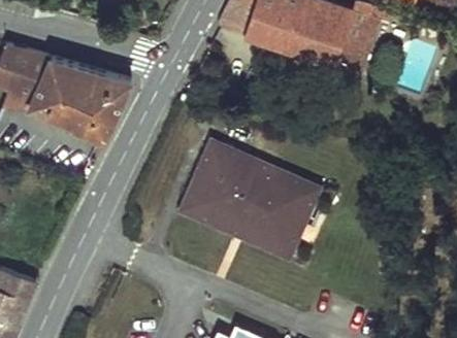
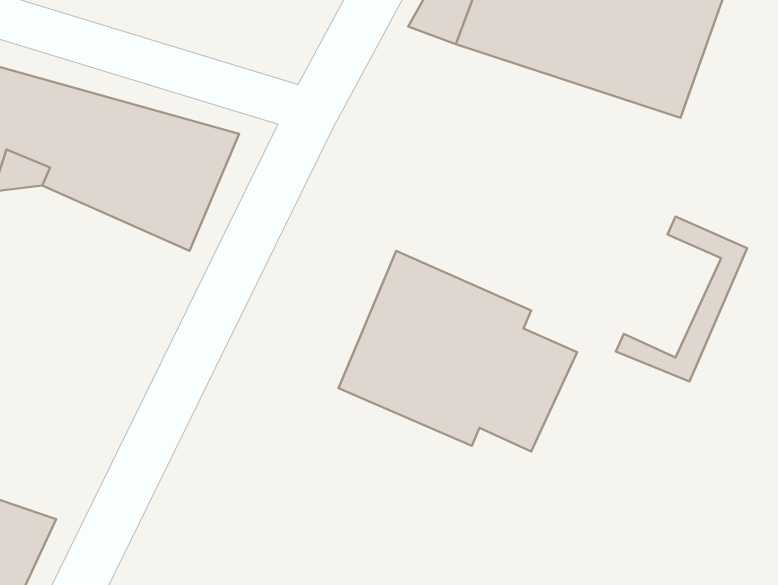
building: [250,173,318,259] -> [616,216,747,381]

